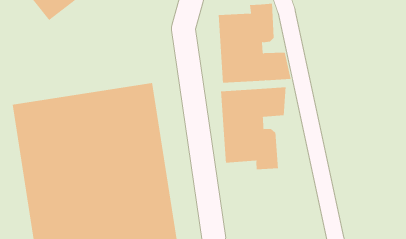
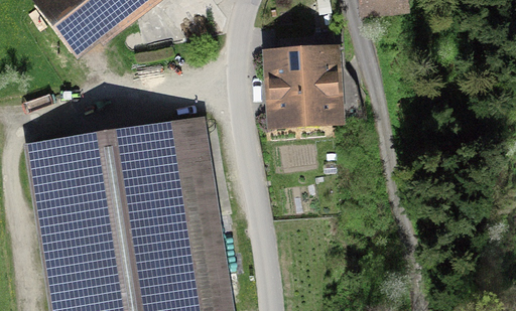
building: [221,87,286,170] -> none

